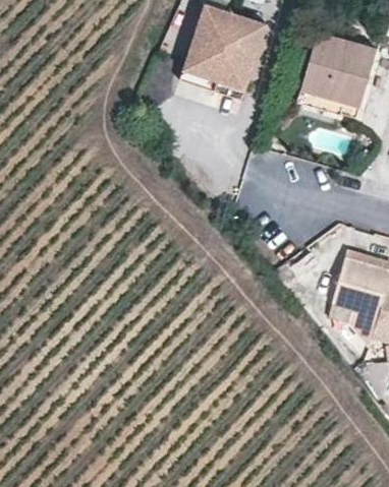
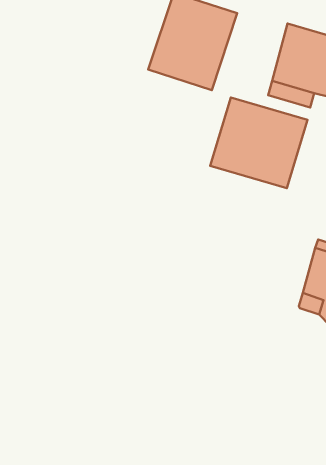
building: none -> [210,97,307,188]

